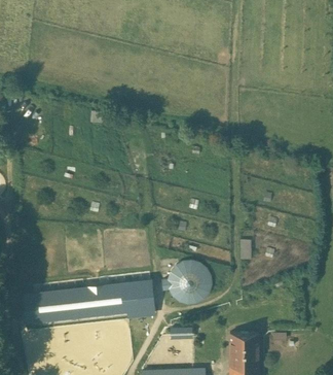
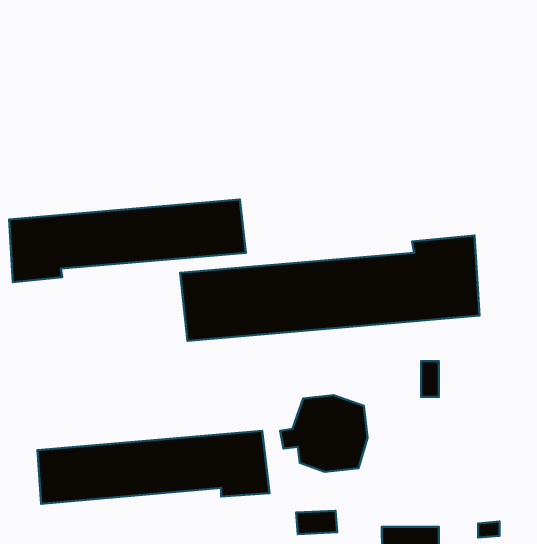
building: none -> [9,199,246,282]
building: none -> [180,235,479,341]

